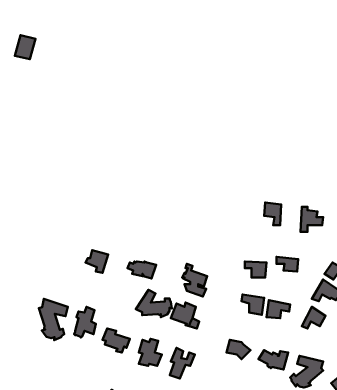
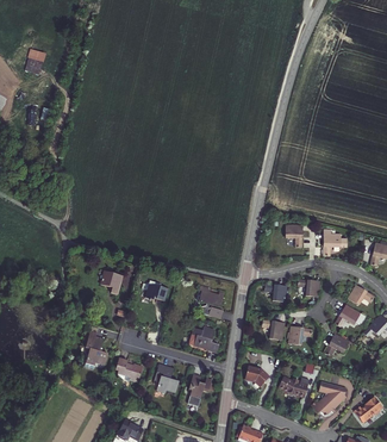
building: [136,290,172,317] -> none
building: [39,299,68,340] -> none

